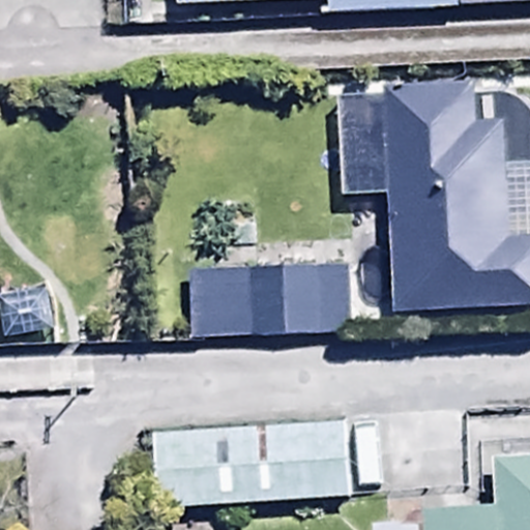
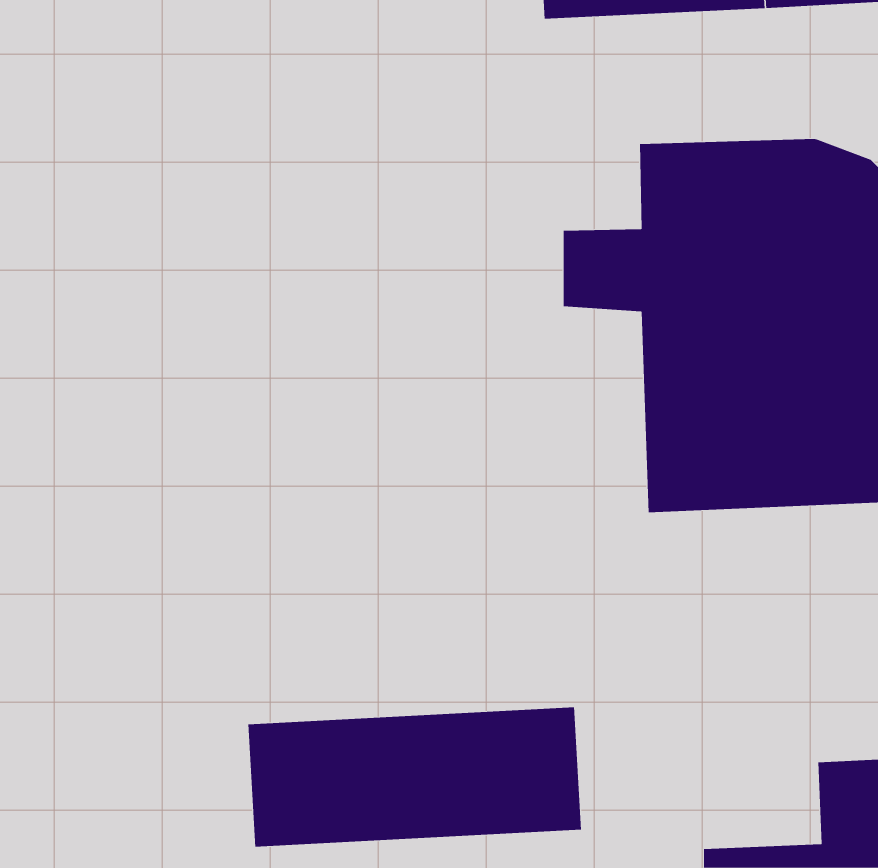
building: [188,262,352,336] -> none

